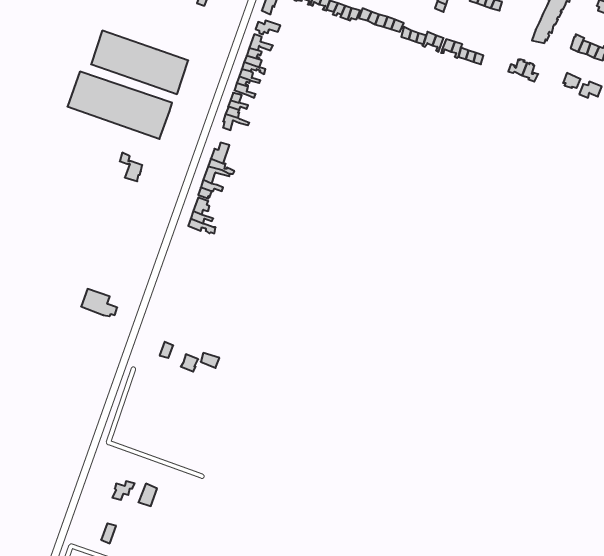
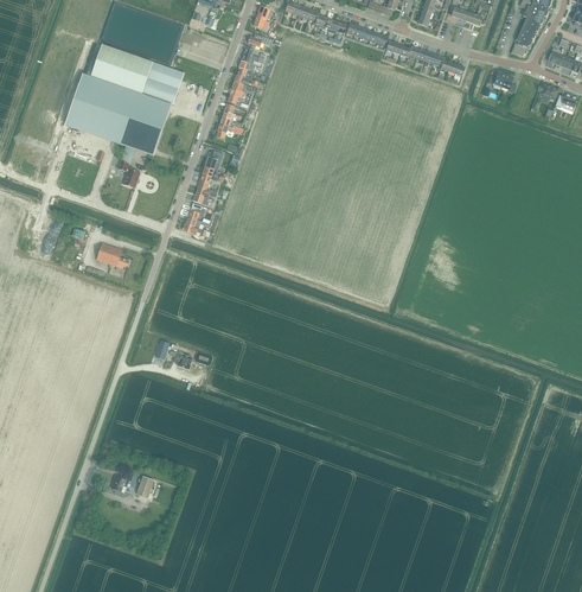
building: [81,289,117,316] -> [94,244,128,270]

